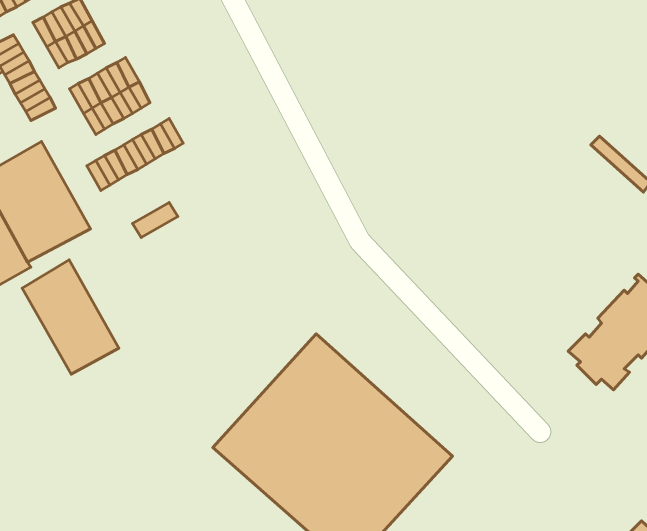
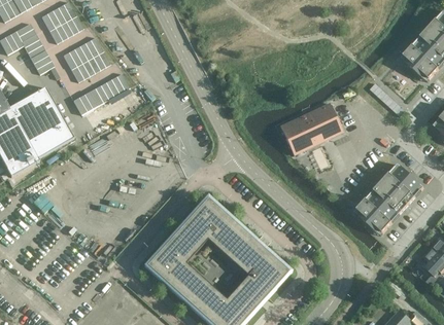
building: none -> [279,102,342,154]
building: [22,260,119,374] -> none

